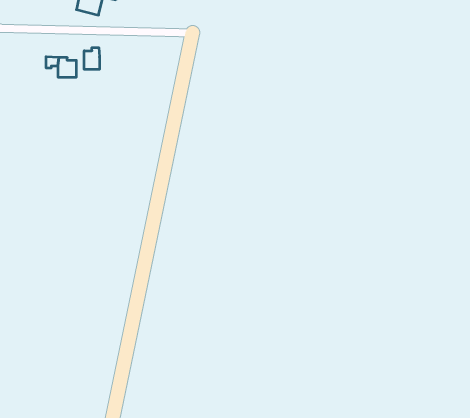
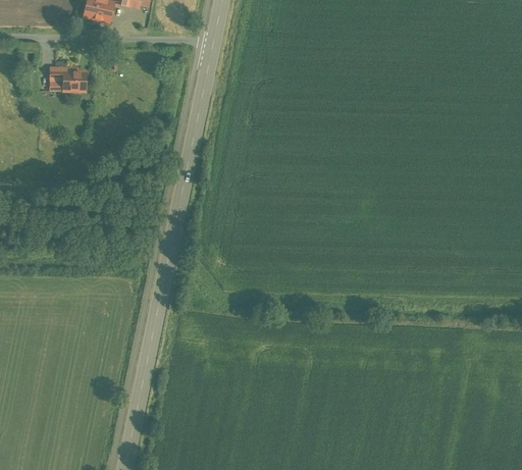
building: [84,48,99,69] -> none

